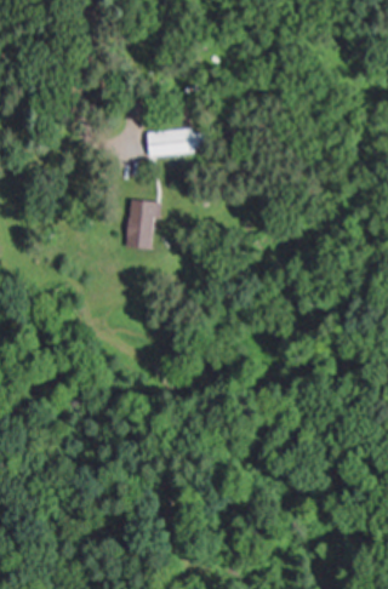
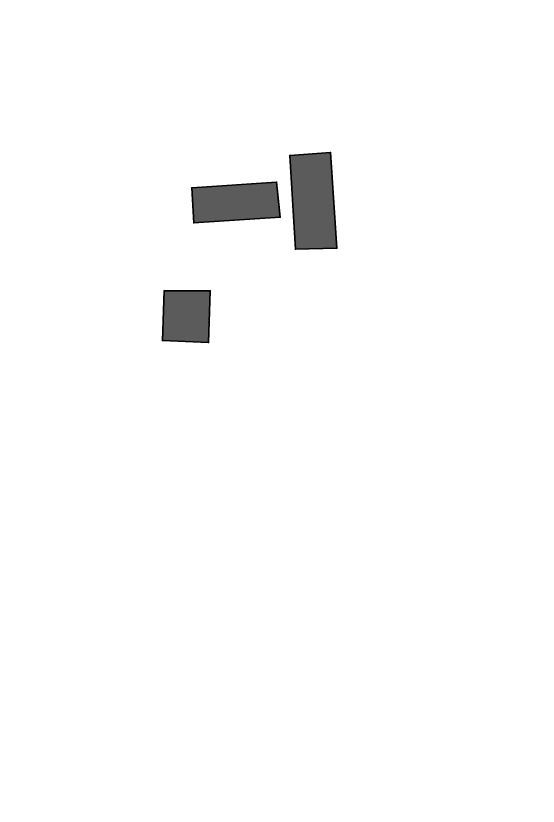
building: none -> [290,153,337,249]

